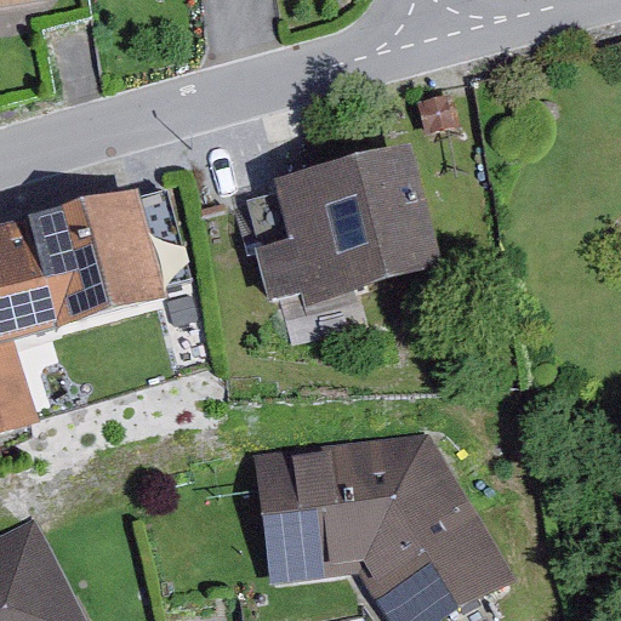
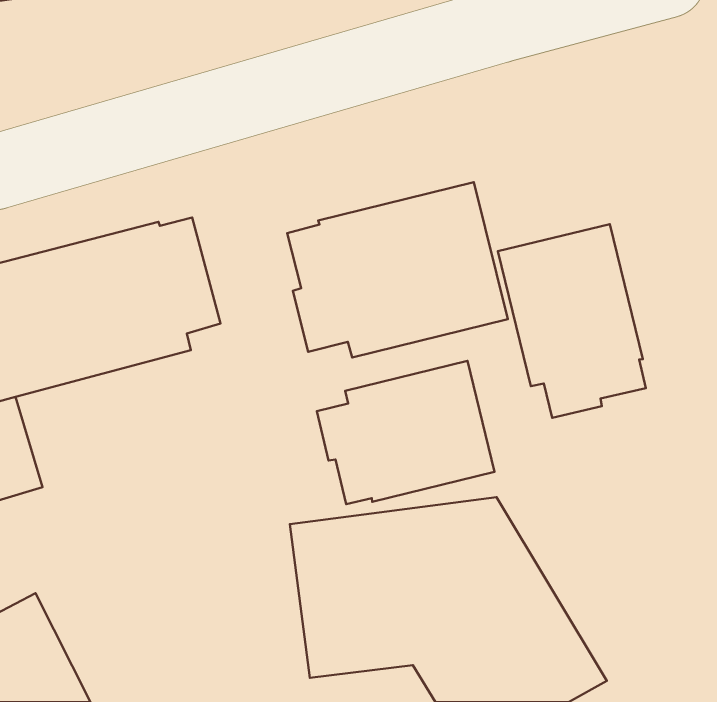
building: none -> [498,224,646,418]
building: none -> [317,361,494,504]

